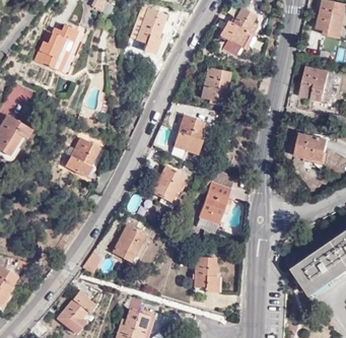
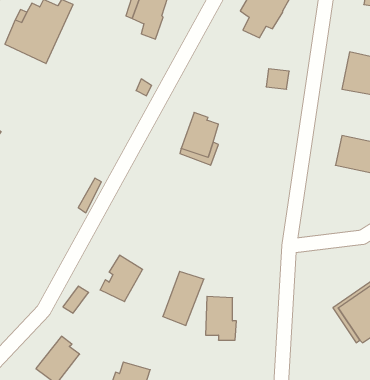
building: [201,68,229,103] -> none
building: [65,137,97,177] -> none
building: [152,165,183,202] -> none
building: [197,183,229,225] -> [163,271,204,325]

